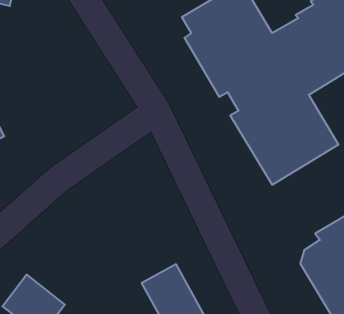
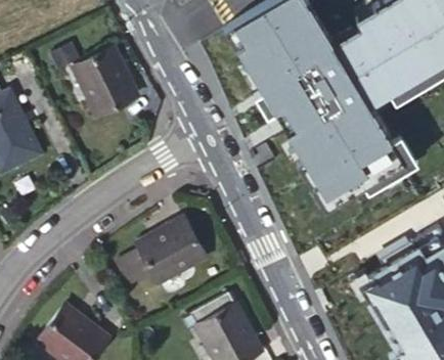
building: none -> [75,50,136,119]
building: none -> [118,221,206,286]

